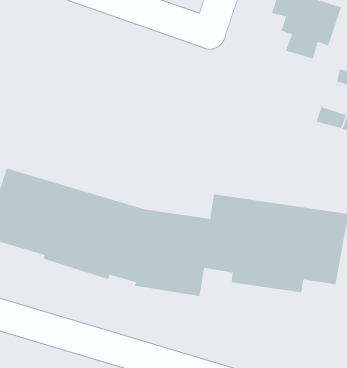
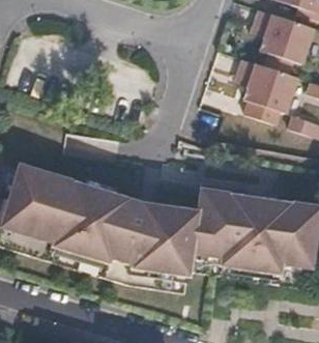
building: none -> [234,56,297,120]

